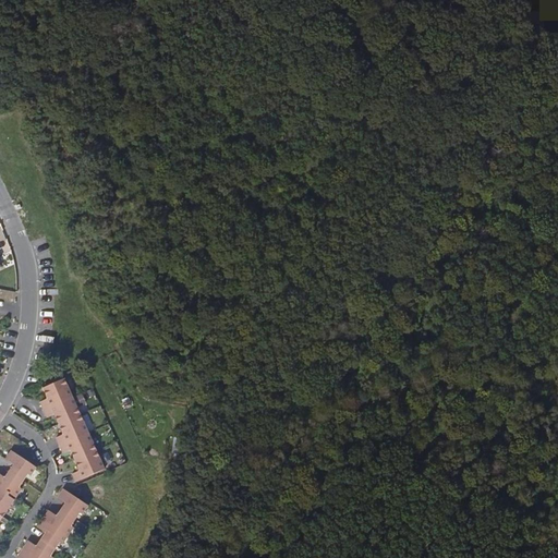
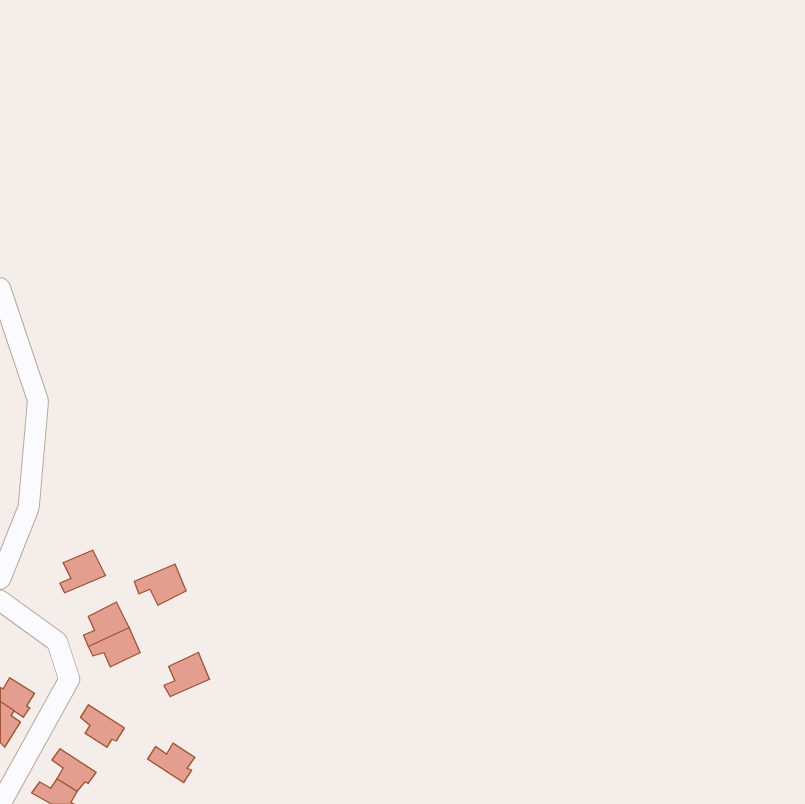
building: [45,398,81,426] -> [134,564,186,605]
building: [7,450,36,480] -> none
building: [73,451,105,482] -> [164,652,210,697]
building: [41,507,74,534] -> [148,743,195,783]

